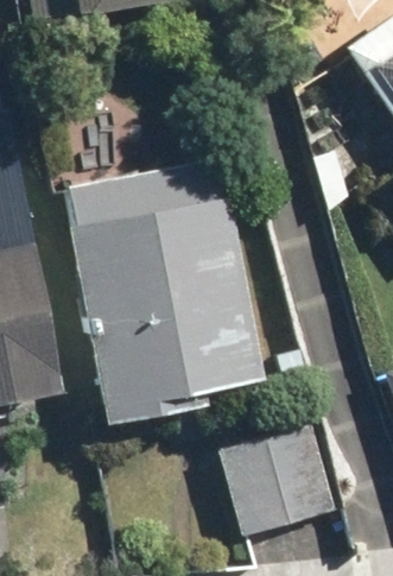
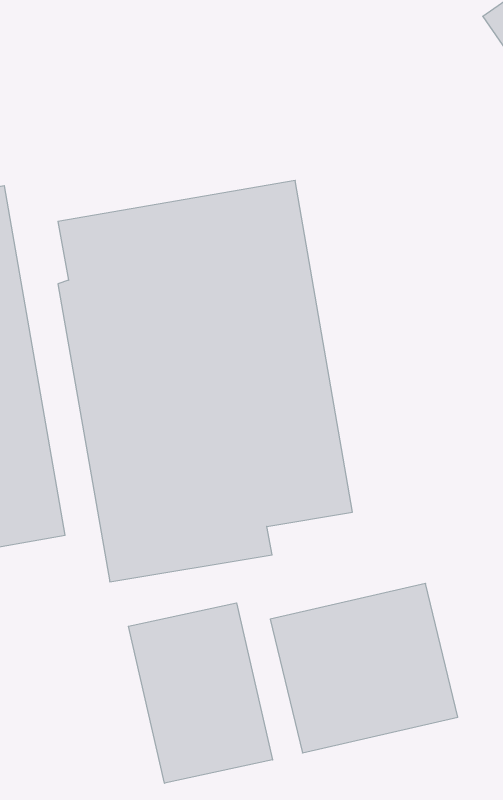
building: none -> [128,603,273,783]

